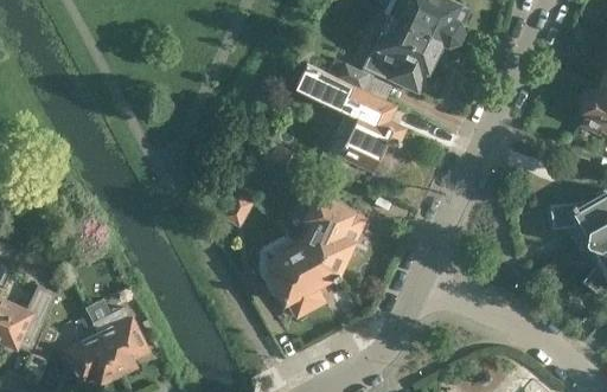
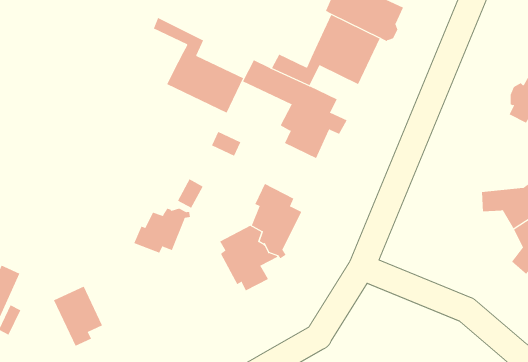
building: none -> [153,17,244,113]
building: none -> [134,208,190,253]
building: [68,322,116,381] -> none

